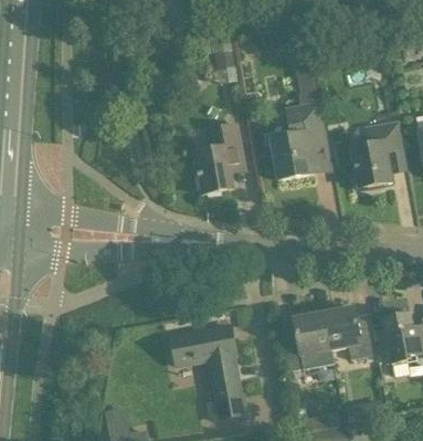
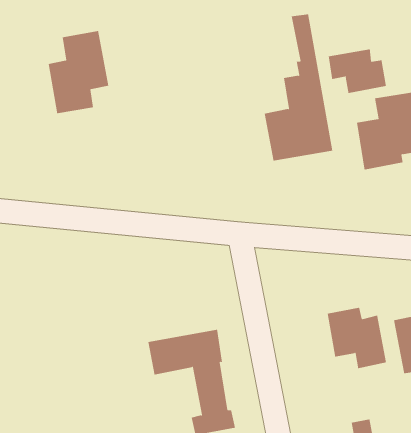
building: none -> [328,48,387,94]
building: [193,123,246,195] -> [48,31,109,114]
building: [283,309,334,371] -> none

